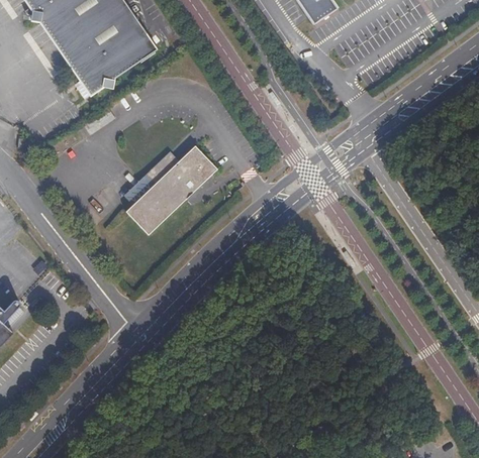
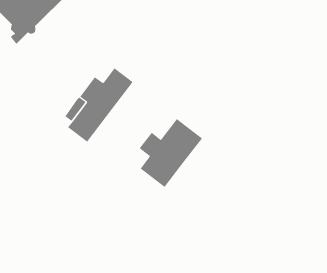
building: none -> [139,118,203,188]

